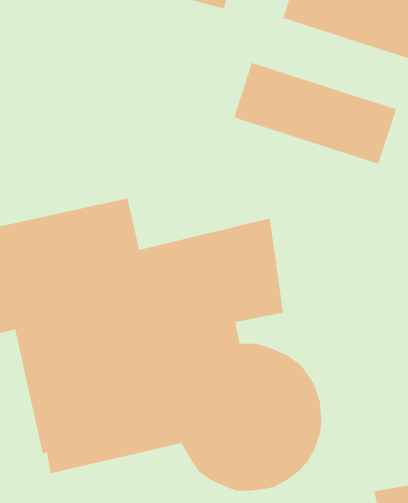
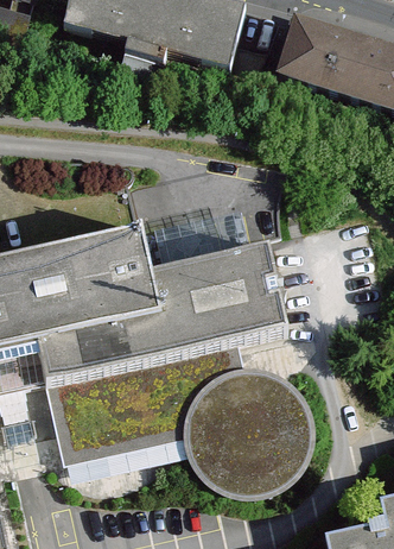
building: [233,62,397,165] -> none

